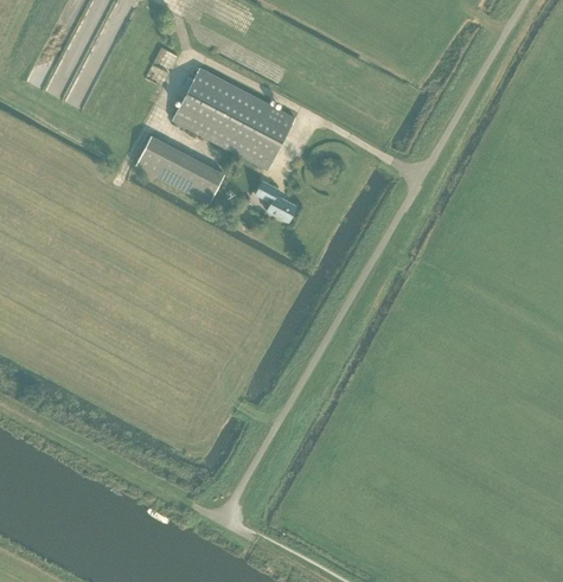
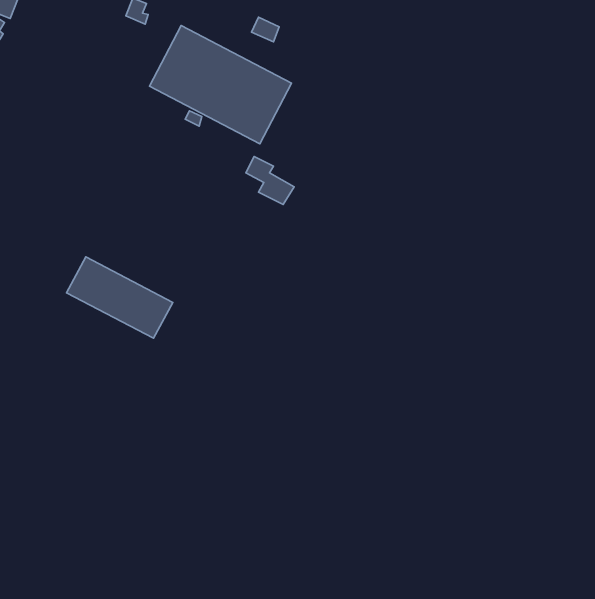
building: [134,134,225,204] -> [67,257,173,338]

